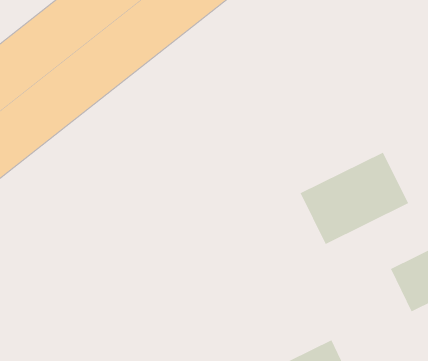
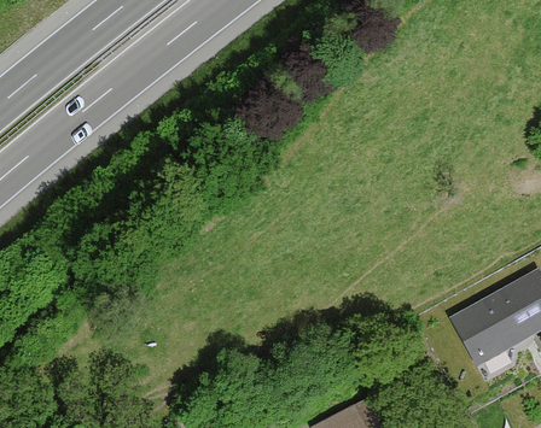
building: [300,152,409,245] -> none

